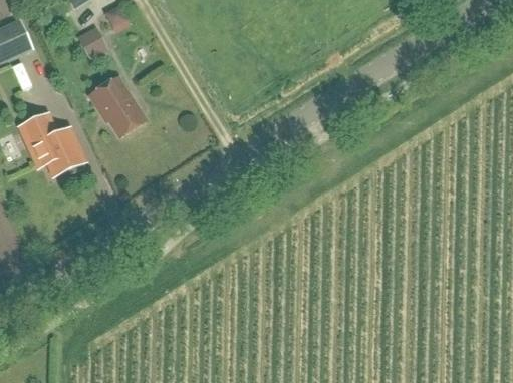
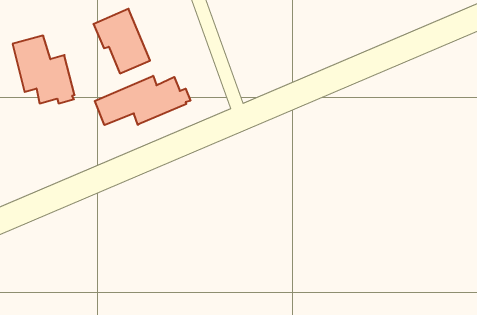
building: none -> [95,76,190,125]

